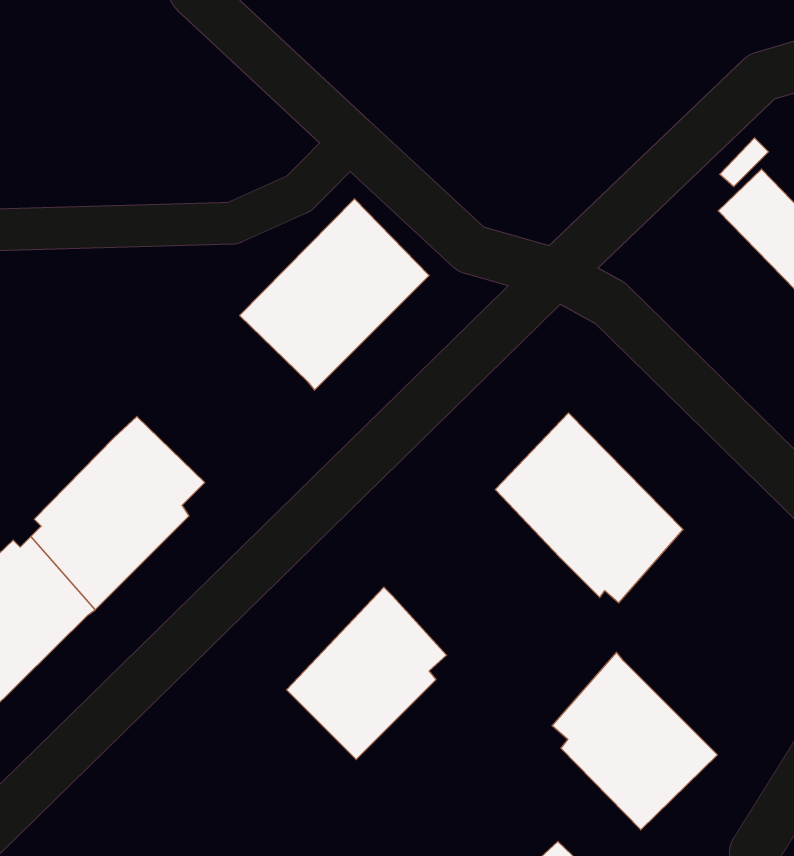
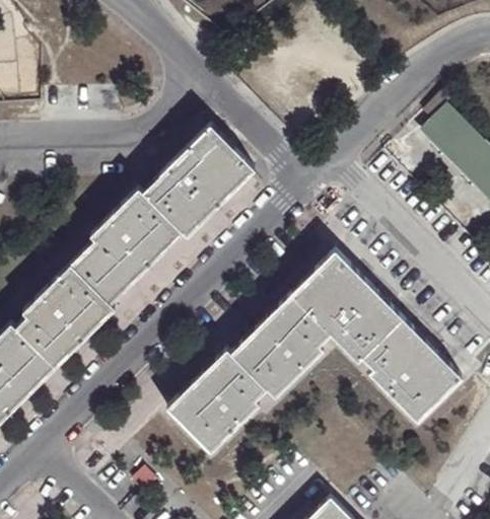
building: none -> [83,190,183,291]
building: none -> [232,295,330,398]
building: [552,652,717,830] -> [364,318,461,422]

